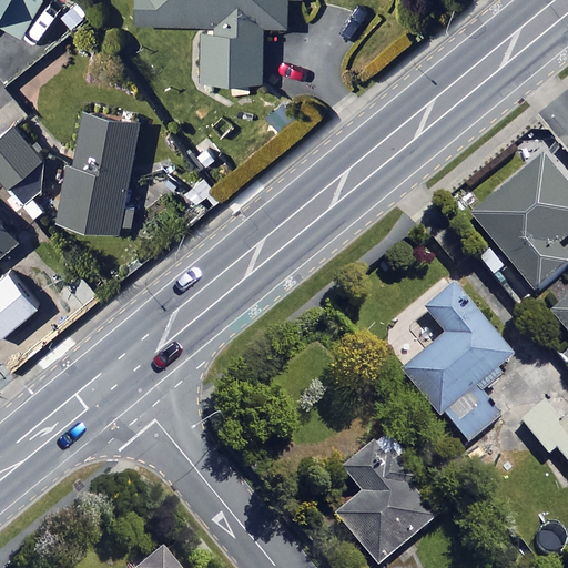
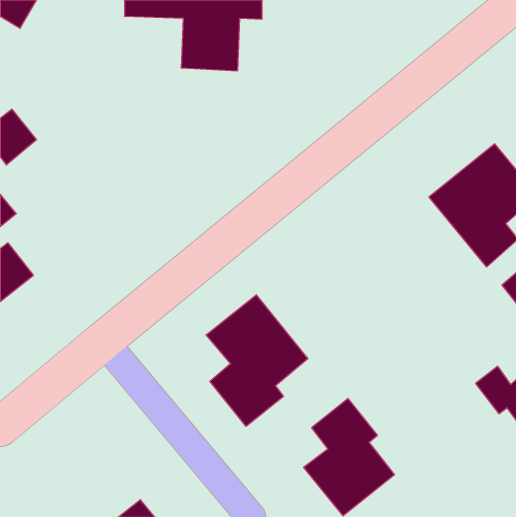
building: [59,103,141,227] -> none
building: [400,284,514,443] -> none
building: none -> [206,295,308,426]

